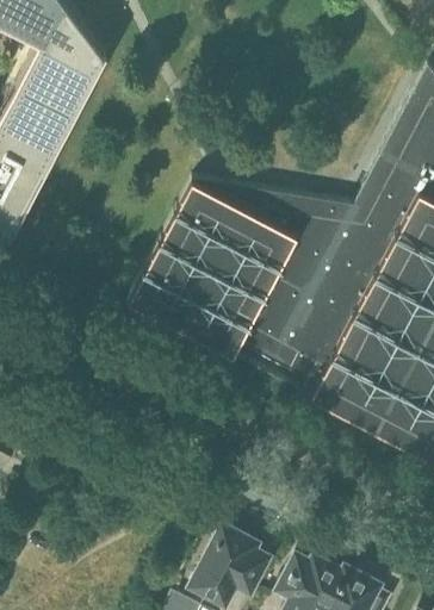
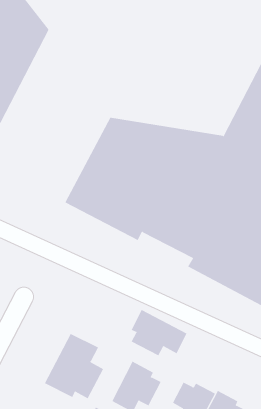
building: none -> [131,309,187,356]
building: none -> [44,333,104,399]

